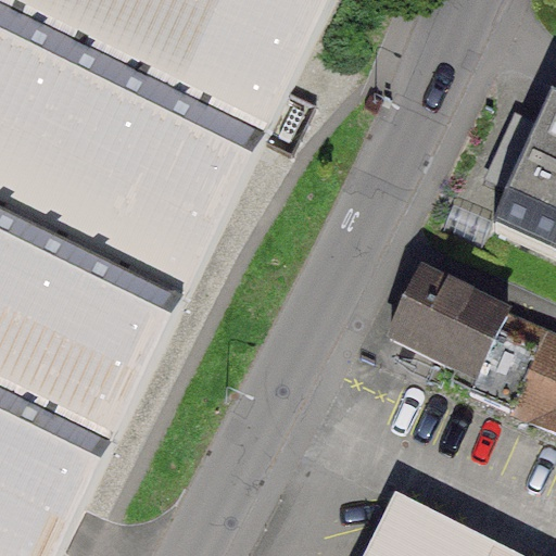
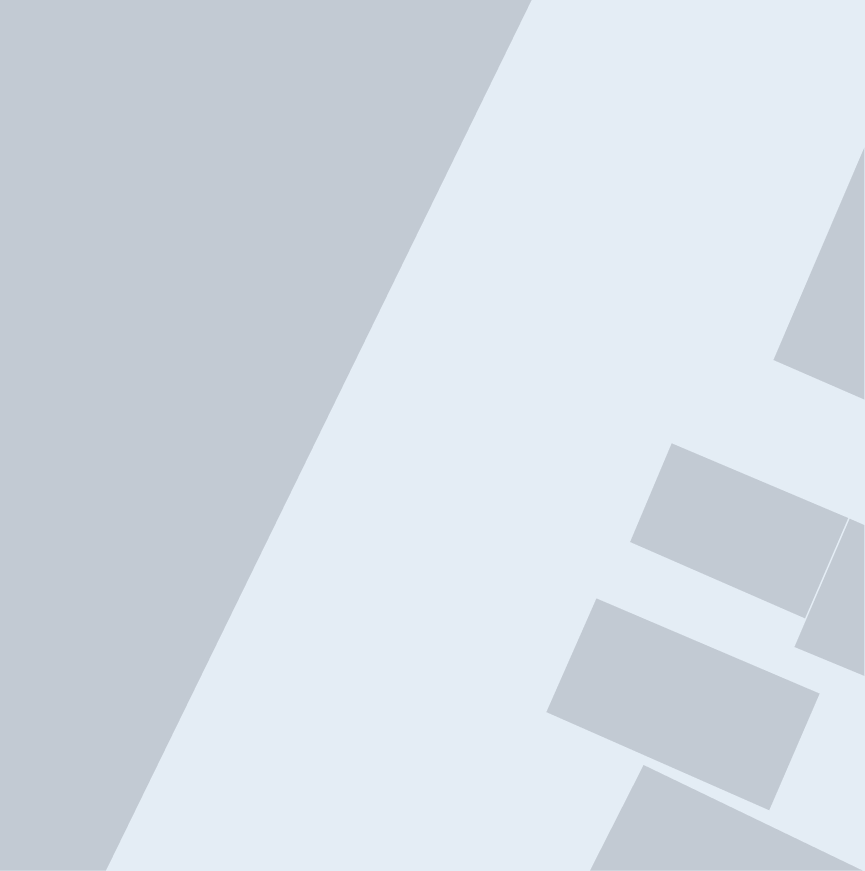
building: none -> [545,597,820,811]

